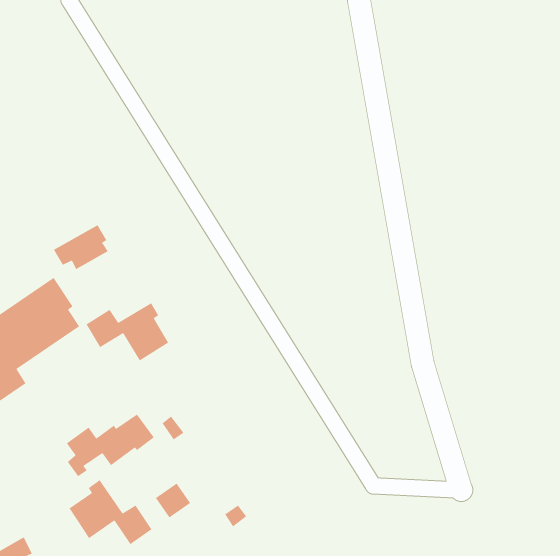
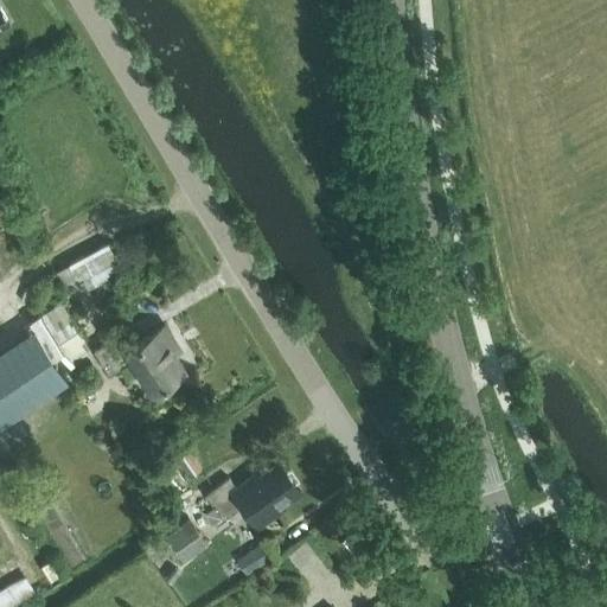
building: [66,413,155,477] -> [202,467,298,536]
building: [68,479,152,545] -> none

